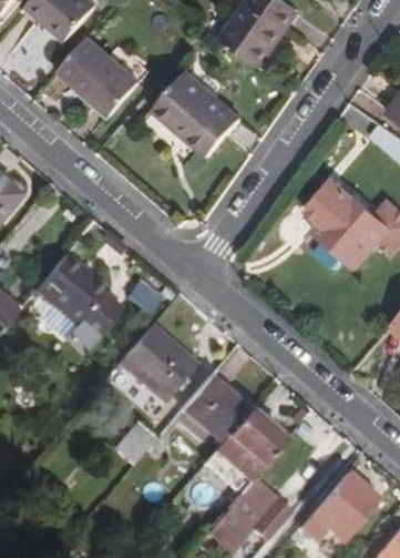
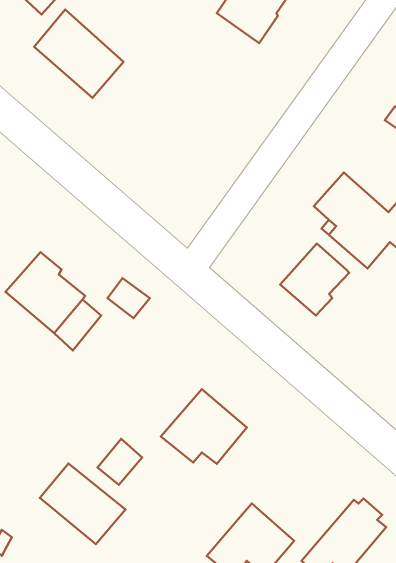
building: [154,72,240,155] -> none
building: none -> [280,243,349,316]
building: [119,324,195,400] -> none
building: [215,409,288,485] -> none
building: none -> [40,464,126,544]

